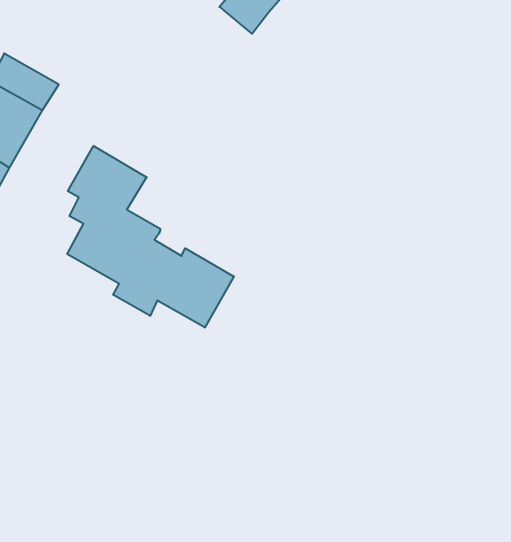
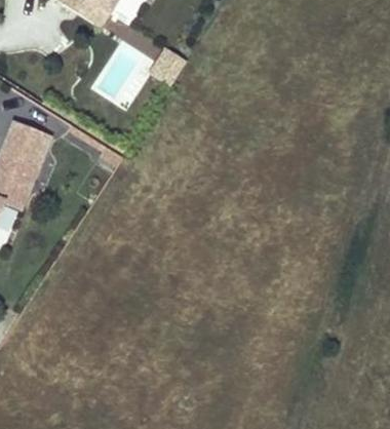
building: [67,146,234,328] -> none

